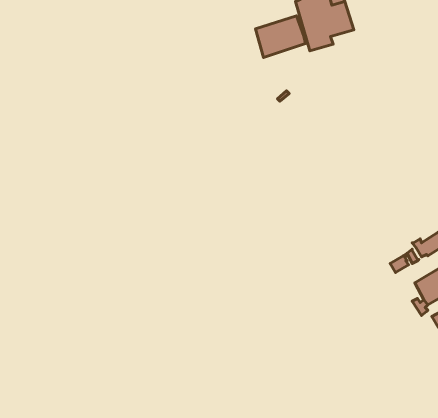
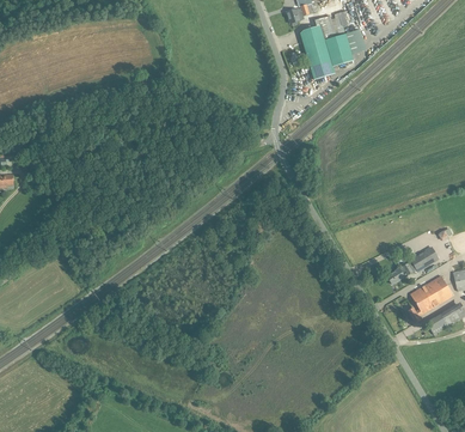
building: [255,16,305,58] -> none

